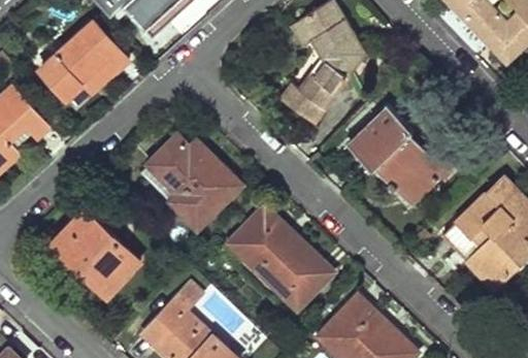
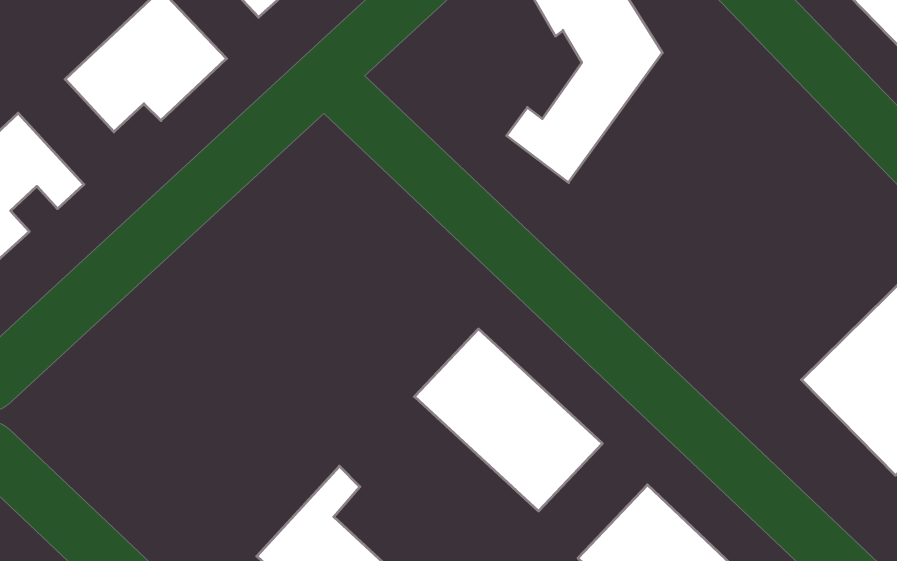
building: [351,107,455,208] -> none
building: [140,136,241,230] -> none
building: [56,215,140,298] -> none

